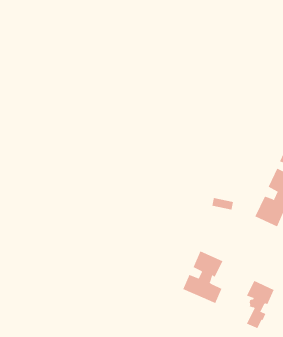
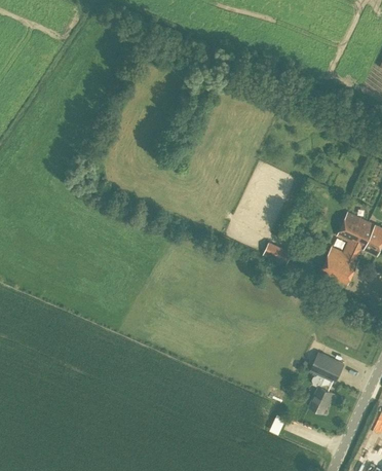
building: [182,251,223,304] -> none

